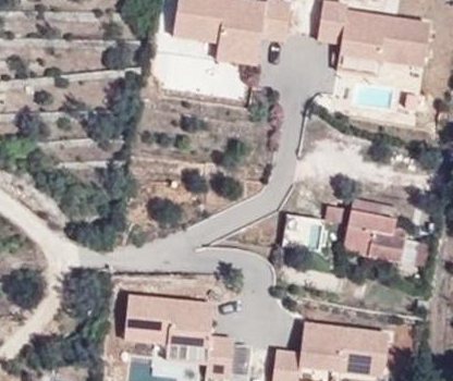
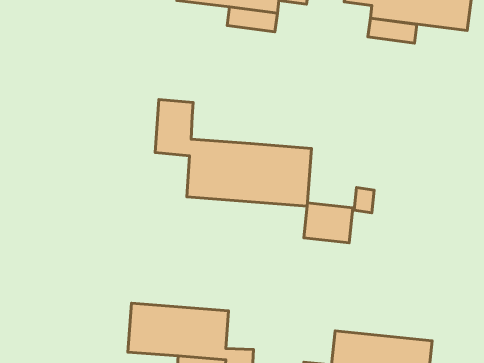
building: none -> [155,99,312,206]
building: [343,196,400,255] -> none

